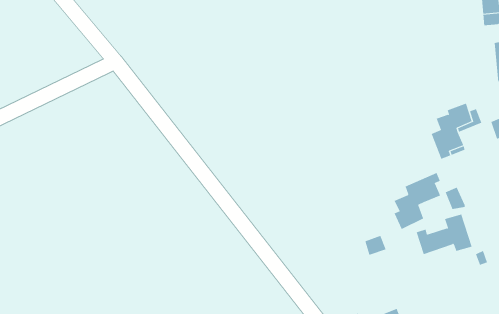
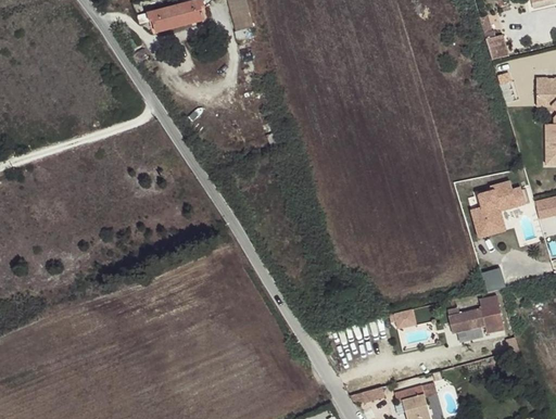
building: [394,172,441,230] -> none

